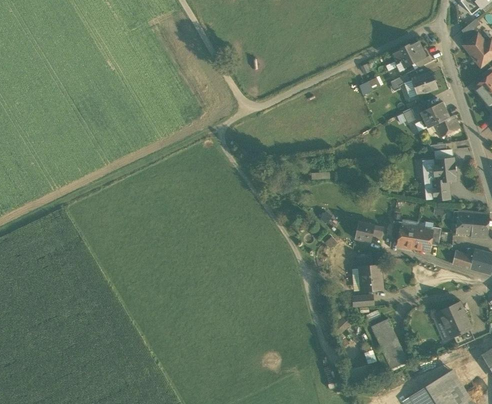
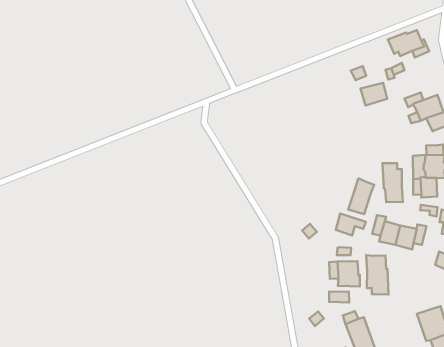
building: [411,73,437,96] -> [361,83,387,106]
building: none -> [382,163,403,202]
building: none -> [348,179,374,214]
building: none -> [366,255,388,294]

